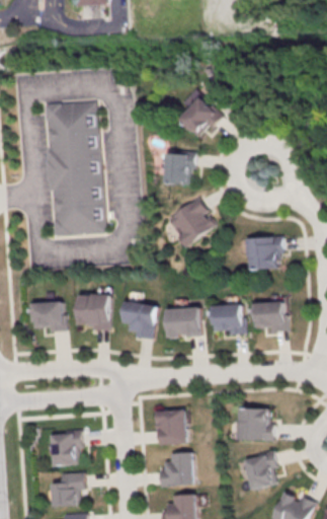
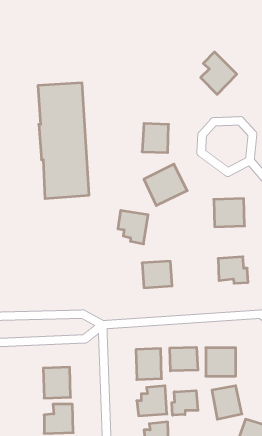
building: [181,89,223,138] -> [201,52,237,94]
building: [77,295,109,330] -> none
building: [30,302,66,333] -> none
building: [121,302,156,341] -> [118,210,148,244]
building: [210,305,245,336] -> none
building: none -> [170,347,198,371]
building: none -> [172,391,198,415]

